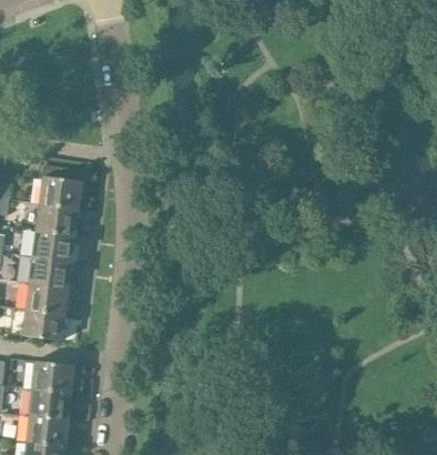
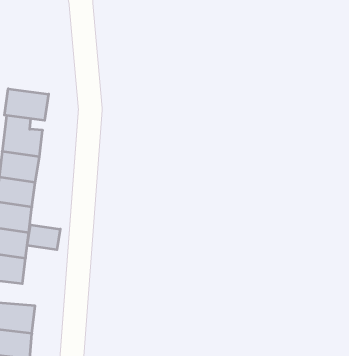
building: none -> [4,89,49,120]
building: none -> [27,225,60,250]

